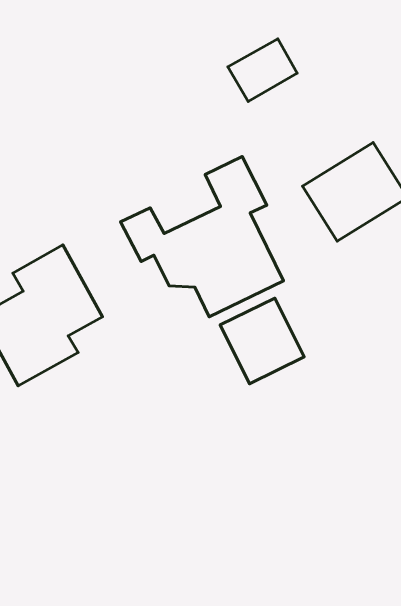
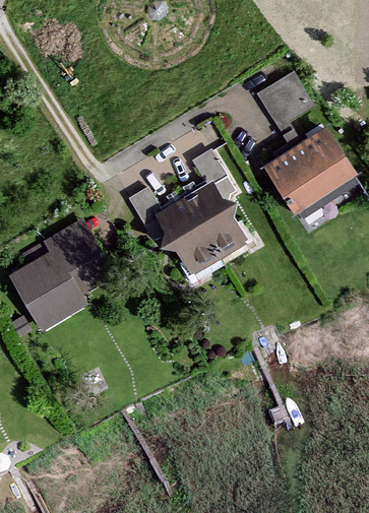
building: [228,39,297,101] -> [258,73,313,123]
building: [220,298,304,384] -> none

